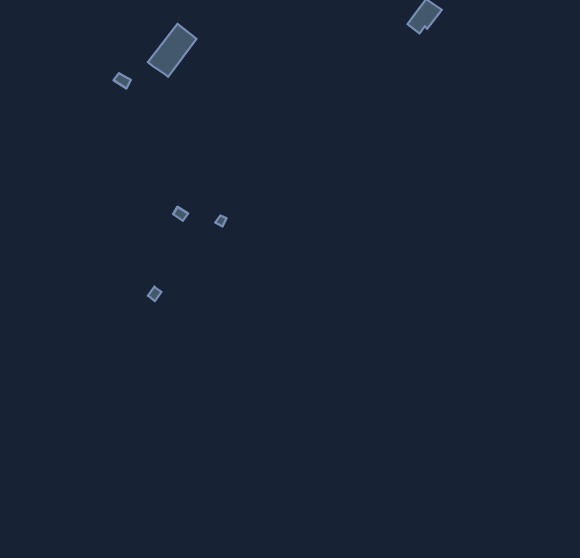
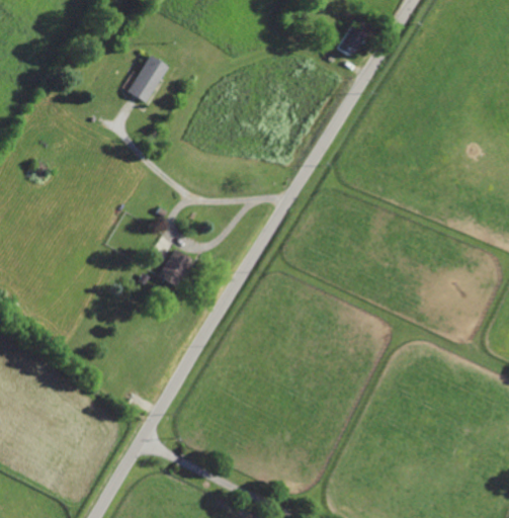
building: none -> [158,249,192,286]

